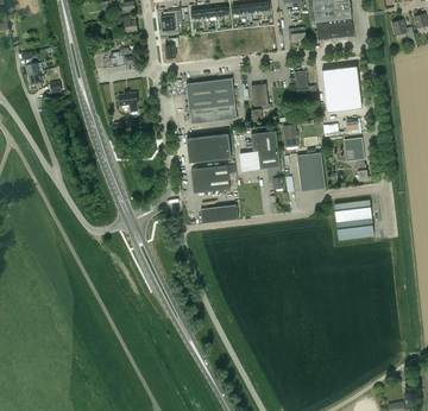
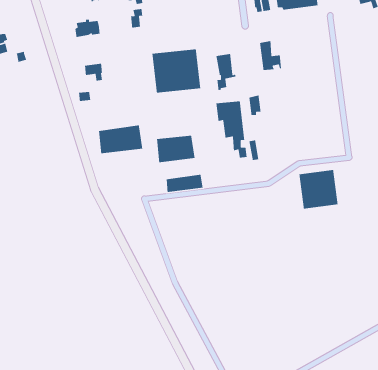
building: [321,65,363,116] -> none
building: [185,133,231,163] -> [98,124,143,154]
building: [344,138,367,181] -> none
building: [296,152,325,191] -> none

